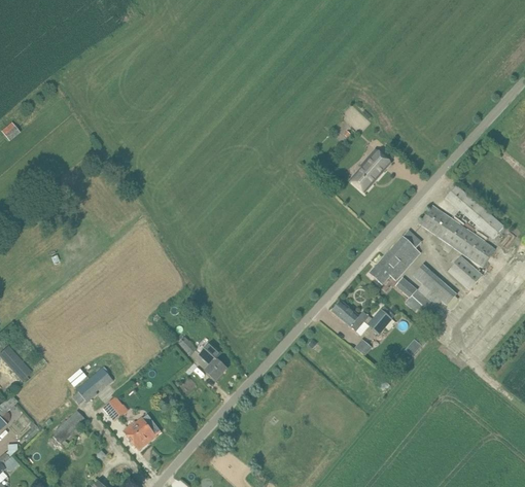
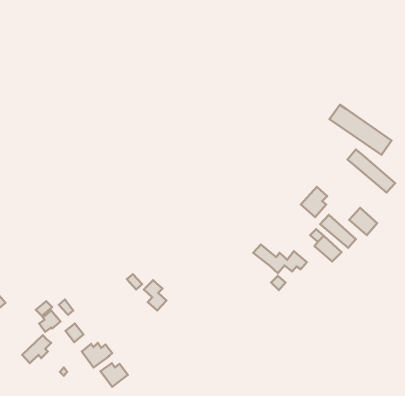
building: [350,148,391,192] -> none
building: [420,205,495,266] -> [330,105,392,155]
building: [370,251,407,284] -> none
building: none -> [101,363,128,387]

